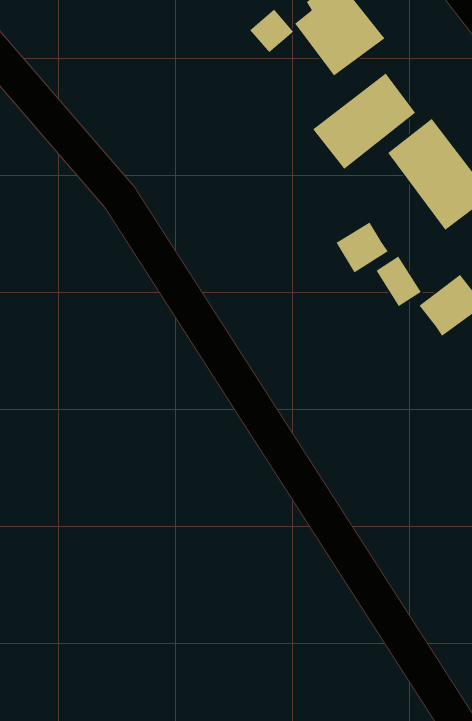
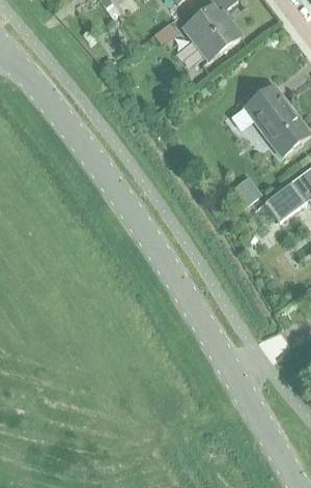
building: [312,73,416,170] -> none
building: [336,222,389,274] -> none

